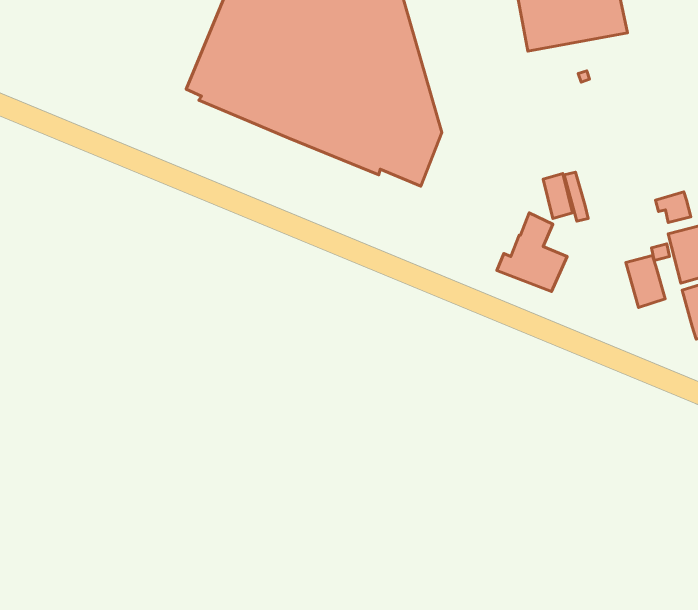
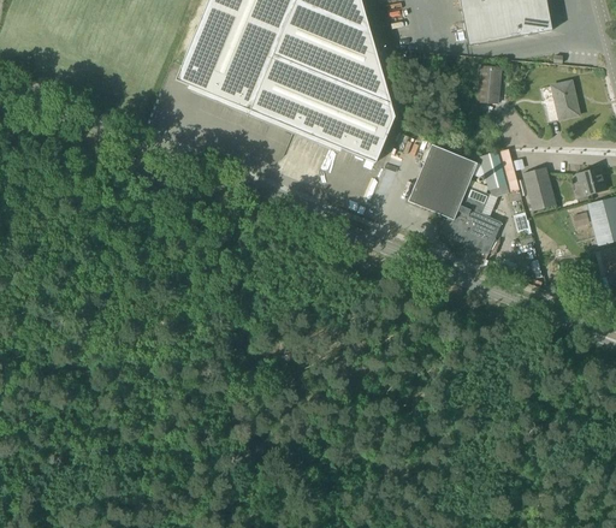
building: none -> [481,65,504,102]
building: none -> [552,78,580,118]
building: none -> [409,142,478,220]
building: [626,255,665,307] -> [523,165,557,209]

